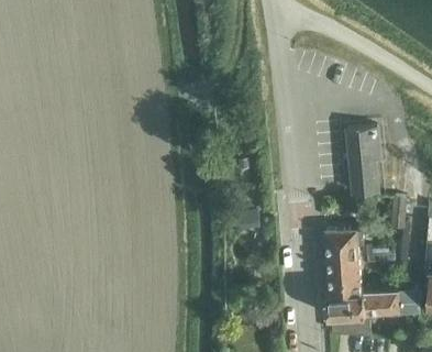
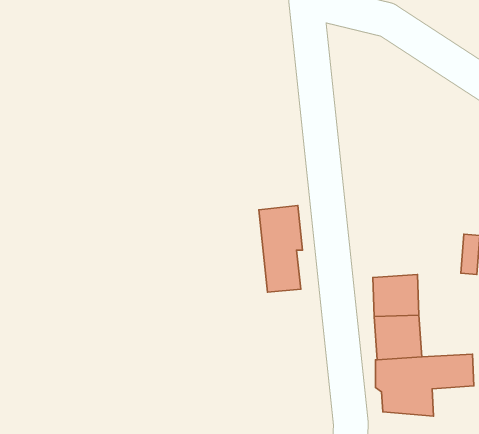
building: [347,126,380,192] -> [259,205,302,292]

